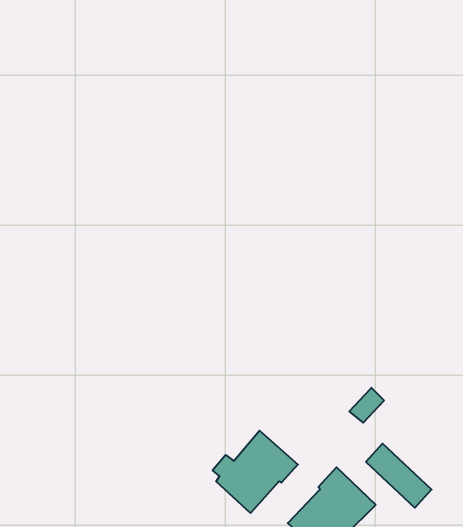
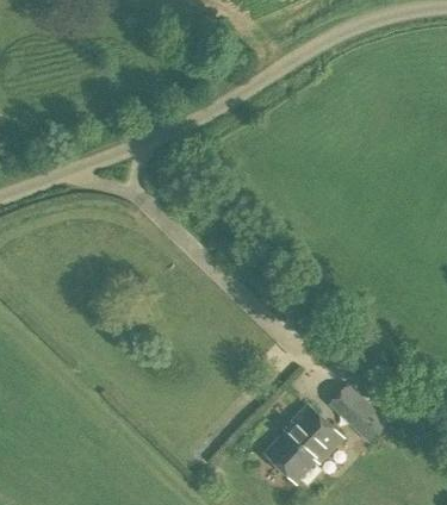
building: [213,431,298,513] -> none

